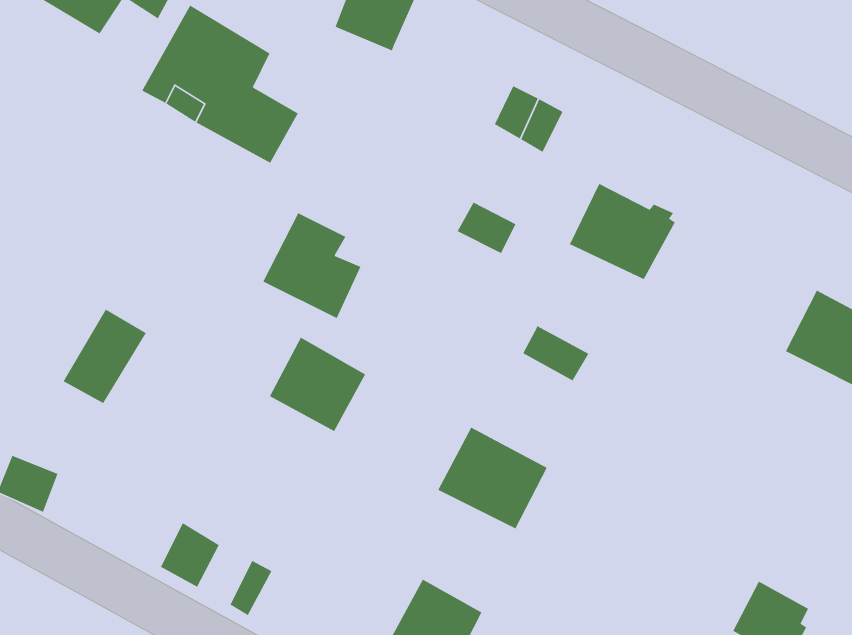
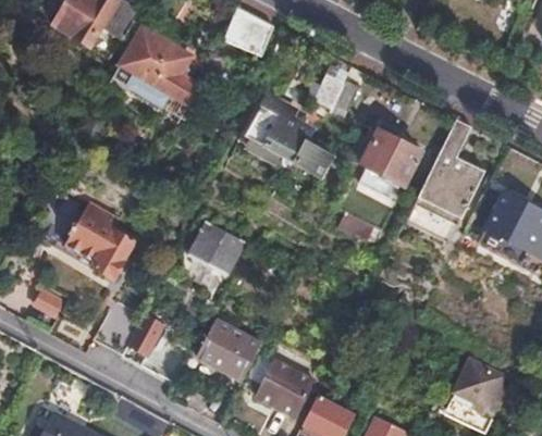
building: none -> [404,116,484,242]
building: [262,212,362,319] -> [247,92,305,154]
building: none -> [91,216,147,278]
building: [437,426,548,530] -> [197,317,261,377]

